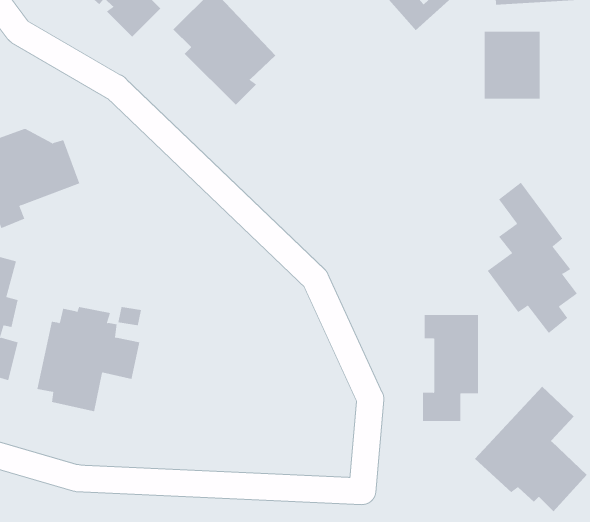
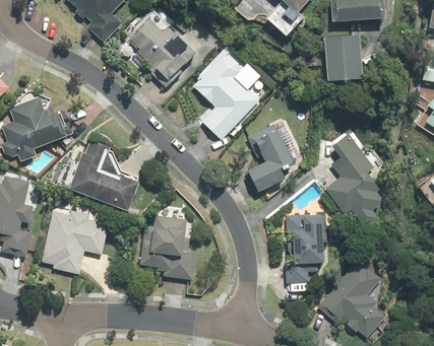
building: none -> [192,53,260,142]
building: none -> [244,118,305,192]
building: none -> [68,139,139,212]
building: none -> [140,207,197,280]

